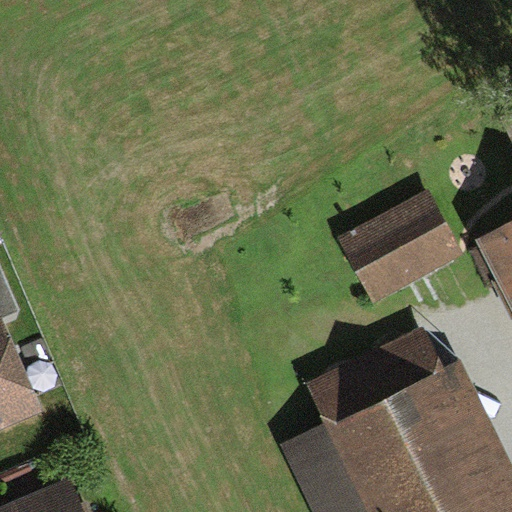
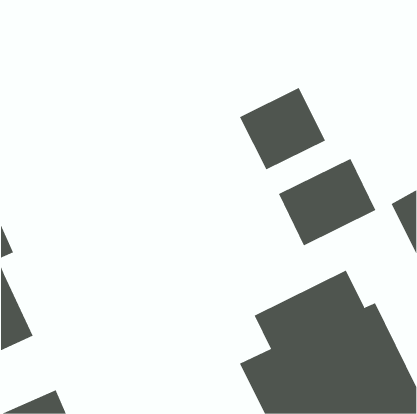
building: none -> [239,87,326,170]

